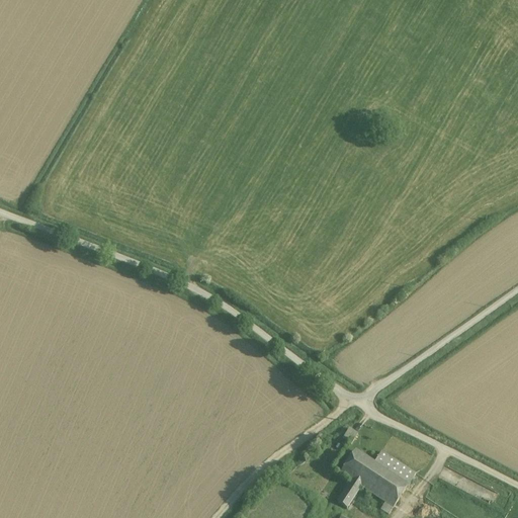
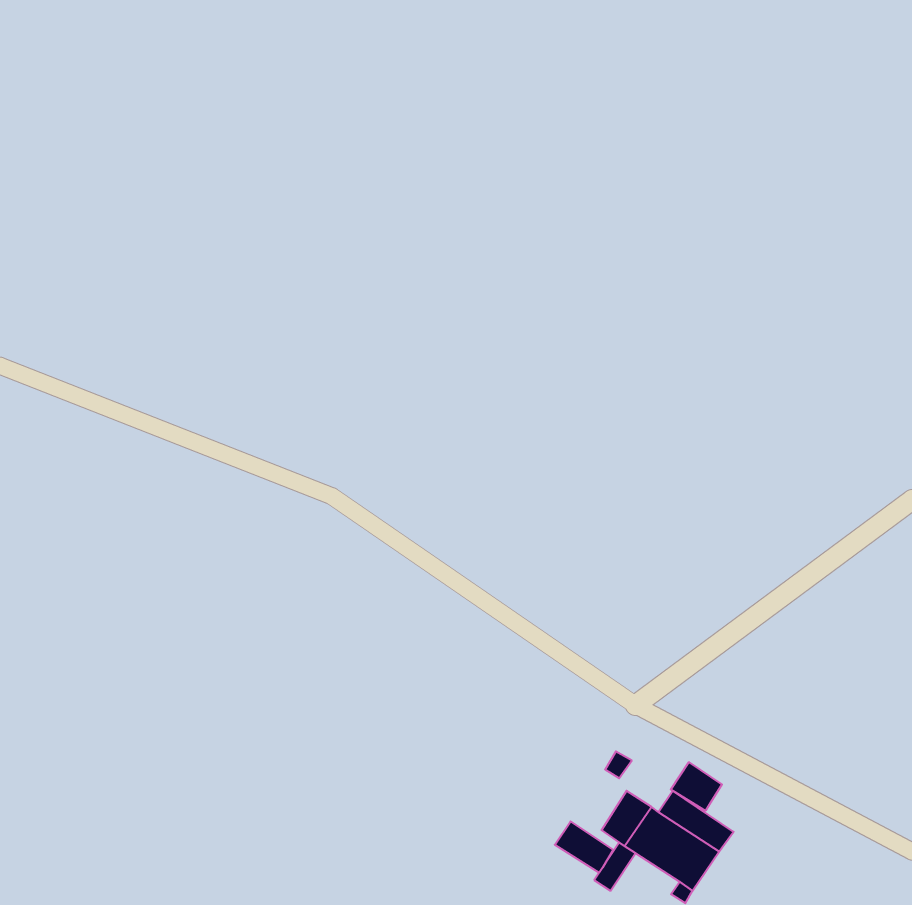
building: none -> [671,762,722,811]
building: none -> [555,821,613,873]

